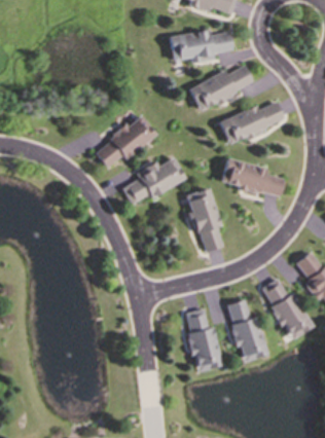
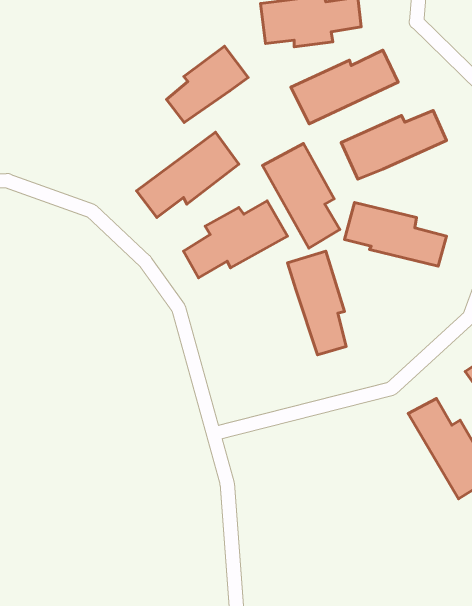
building: none -> [167,46,248,123]
building: none -> [263,144,340,248]
building: [225,299,267,362] -> none
building: [183,308,222,371] -> none

